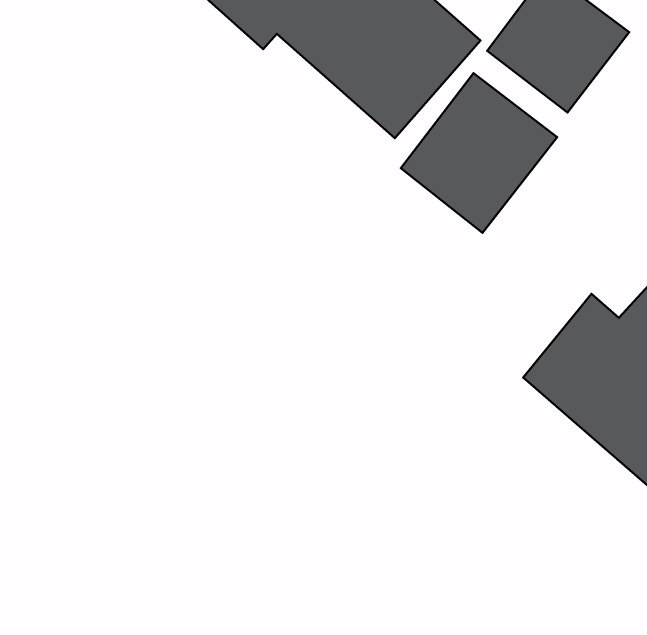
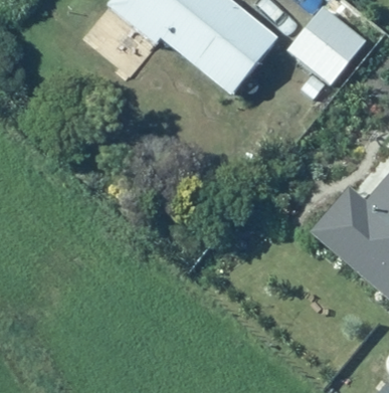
building: [401,73,557,233] -> none

